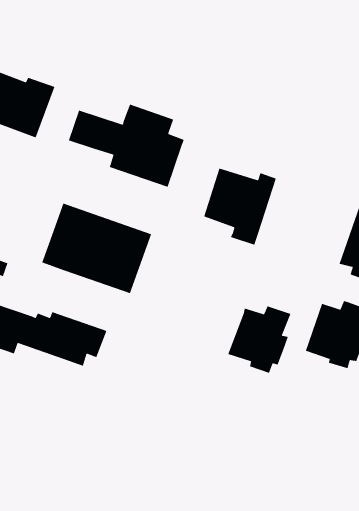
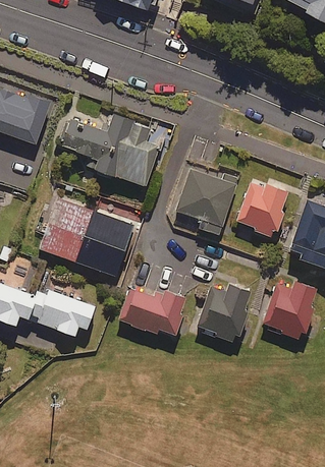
building: none -> [235,182,288,237]
building: none -> [117,288,186,336]

